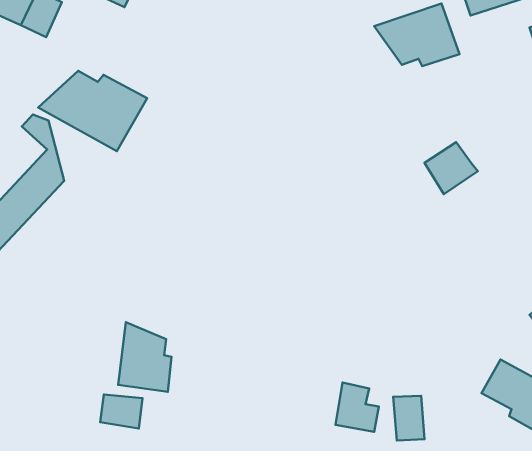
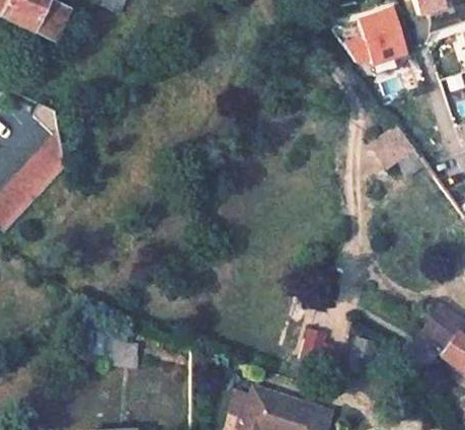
building: [38,71,147,151] -> none
building: [118,322,171,392] -> none

